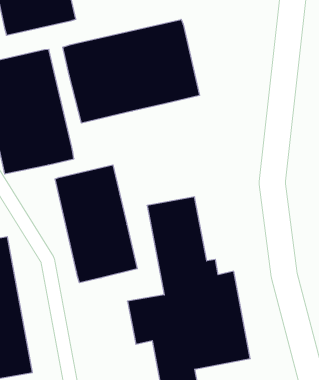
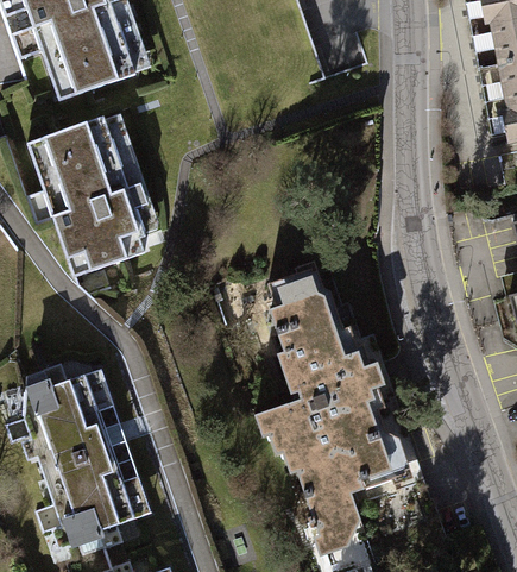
building: [63,19,199,123] -> none
building: [55,165,137,283] -> none

